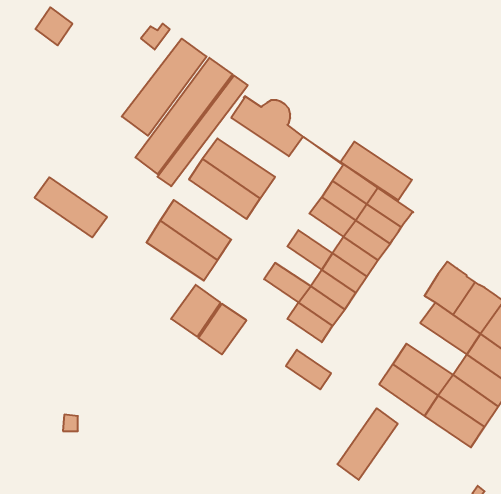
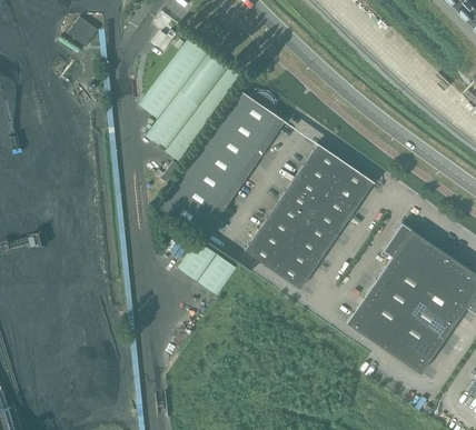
building: [341,142,412,200] -> [216,107,274,154]
building: [35,177,107,237] -> [180,157,239,206]
building: none -> [281,184,318,217]
building: none -> [262,211,300,243]
building: none -> [369,273,418,316]
building: [286,350,331,389] -> [245,238,281,270]
building: [337,408,398,480] -> none

